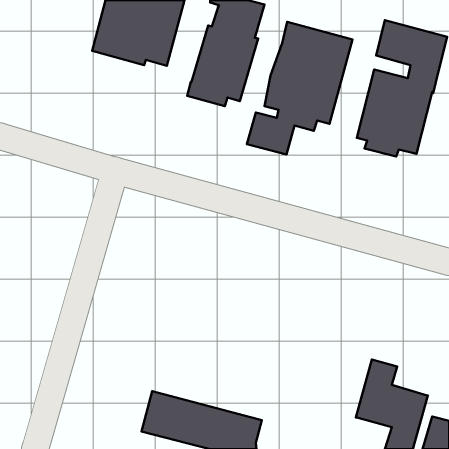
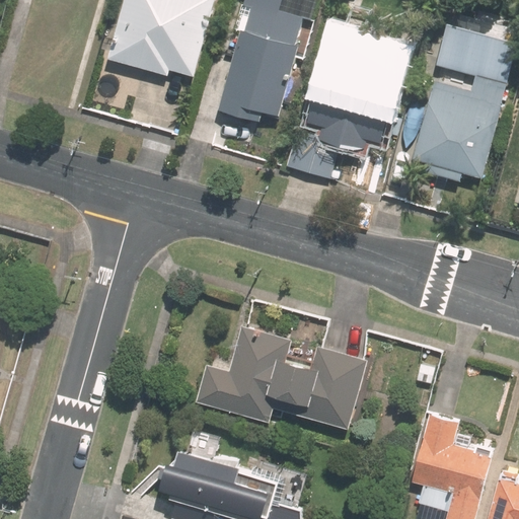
building: none -> [198,326,367,430]

